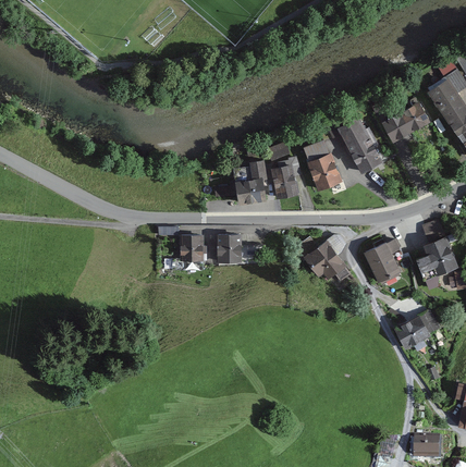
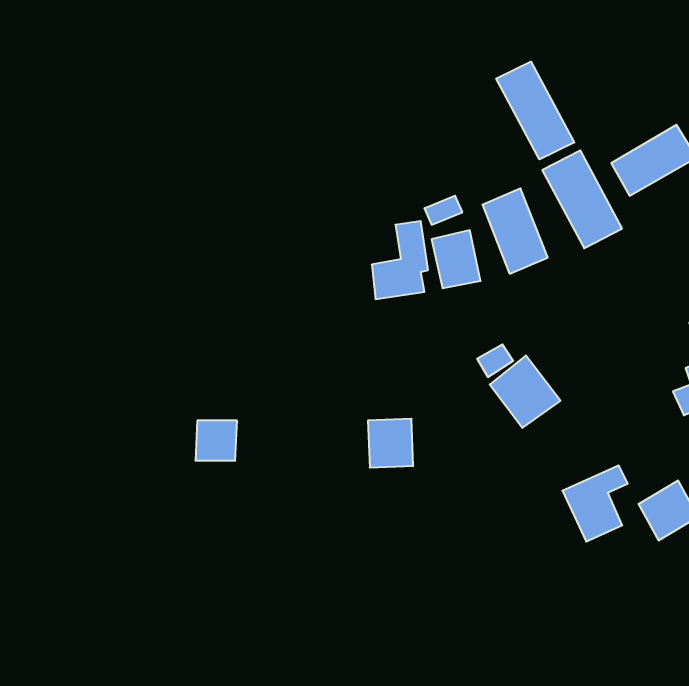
building: none -> [496,62,574,159]
building: [217,233,244,262] -> [368,419,413,468]
building: [180,236,205,260] -> [195,421,237,461]
building: [364,236,403,282] -> [562,465,628,542]

